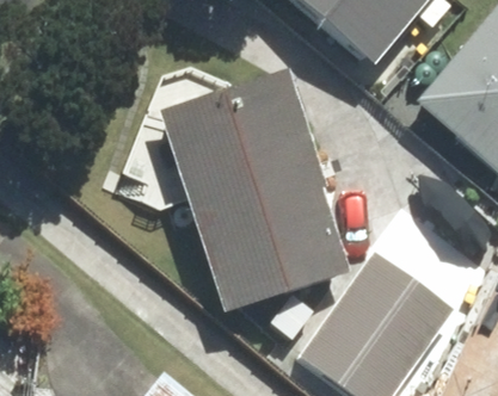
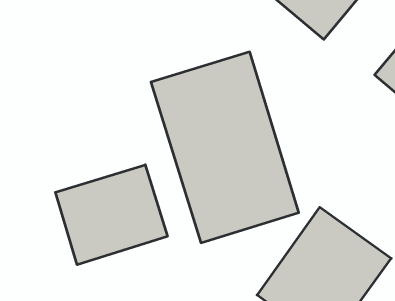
building: none -> [55,165,167,265]

